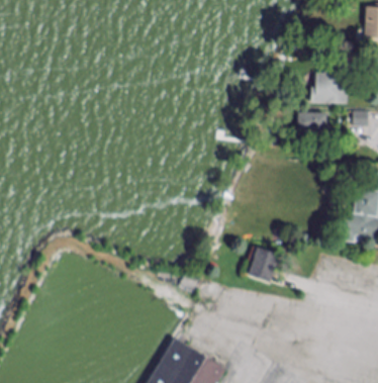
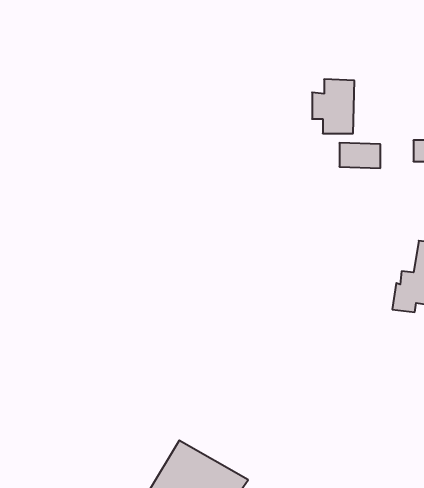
building: [315,63,348,104] -> [312,79,354,133]
building: [248,248,280,283] -> none

